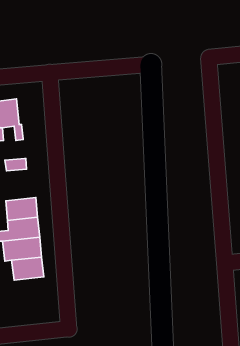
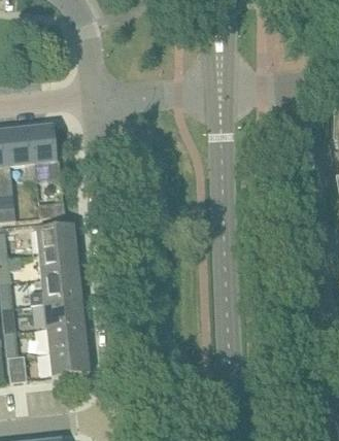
building: none -> [34,224,74,252]
building: none -> [47,347,87,376]

